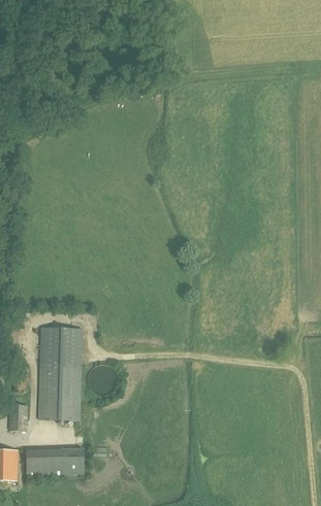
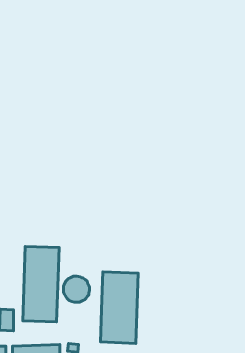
building: none -> [101,272,138,343]

